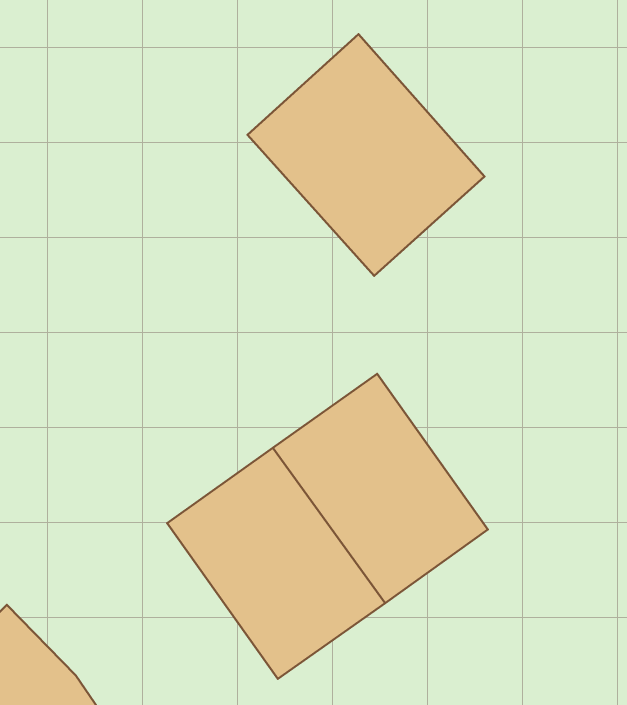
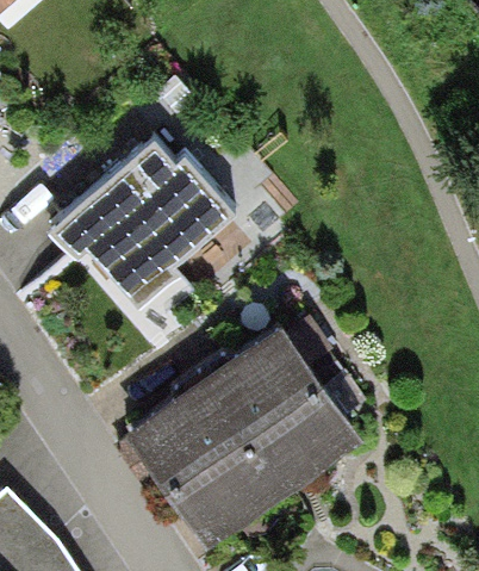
building: [248,34,485,276] -> none
building: none -> [49,135,237,316]

